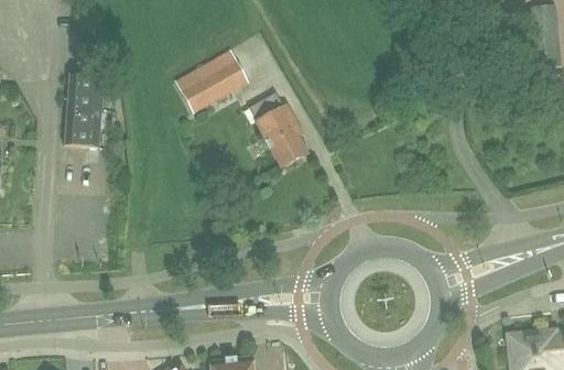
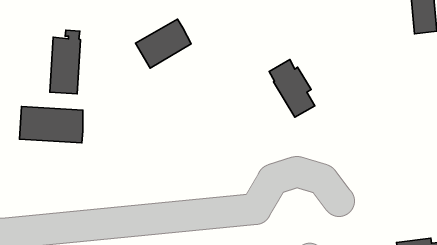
building: [250,94,308,167] -> [269,60,315,117]
building: none -> [19,106,83,143]

